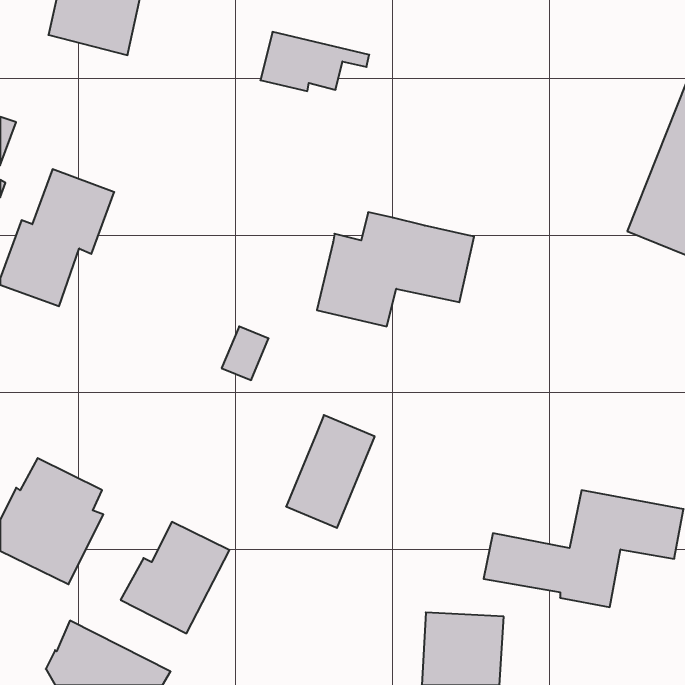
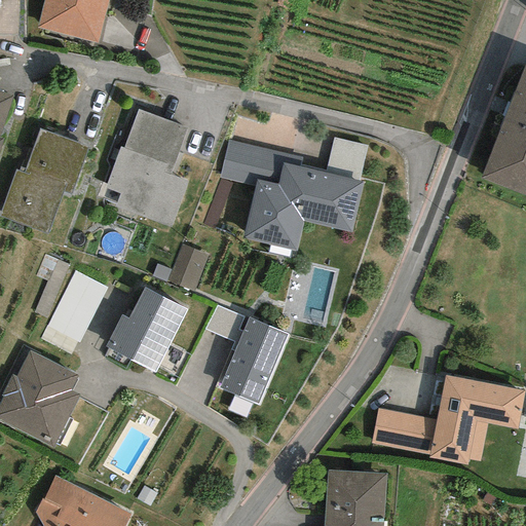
building: [260,32,369,91] -> [220,140,303,185]
building: none -> [105,109,190,226]
building: none -> [326,138,367,180]
building: none -> [46,270,108,341]
building: none -> [205,304,245,350]
building: [121,522,229,633] -> [105,287,188,372]

